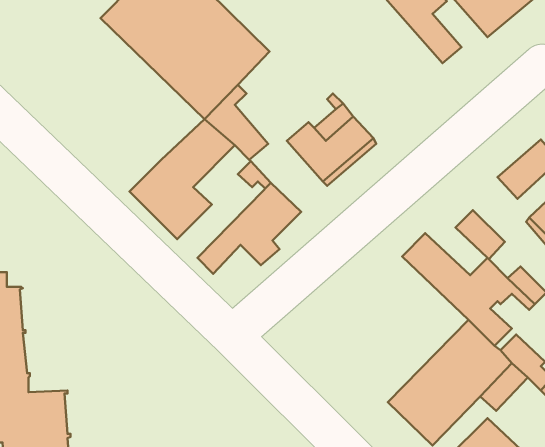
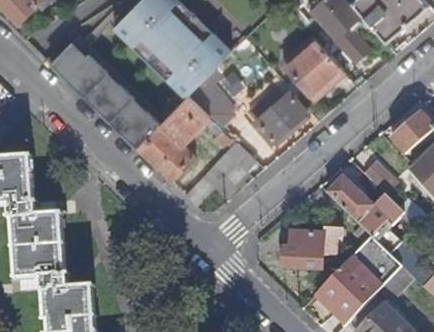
building: none -> [280,36,341,97]
building: none -> [50,44,157,148]
building: none -> [281,228,339,269]

